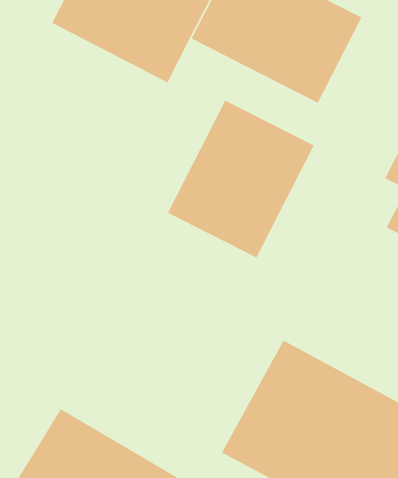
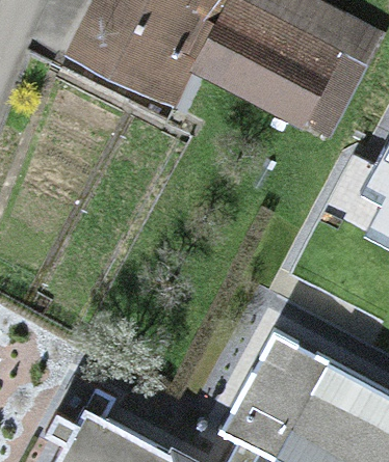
building: [167,100,315,259] -> none

